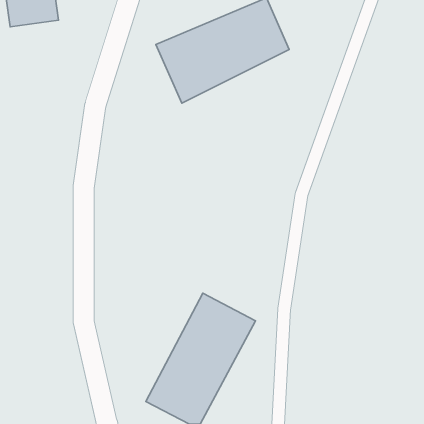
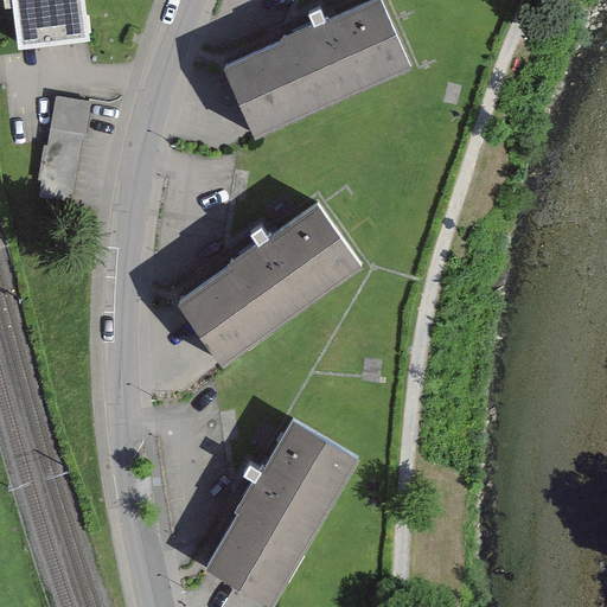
building: none -> [37,91,91,200]
building: none -> [174,203,360,366]

